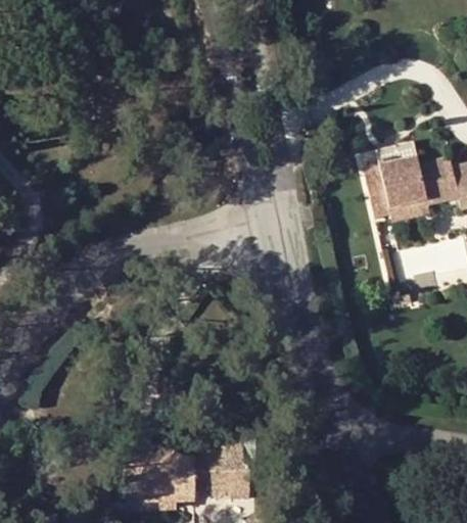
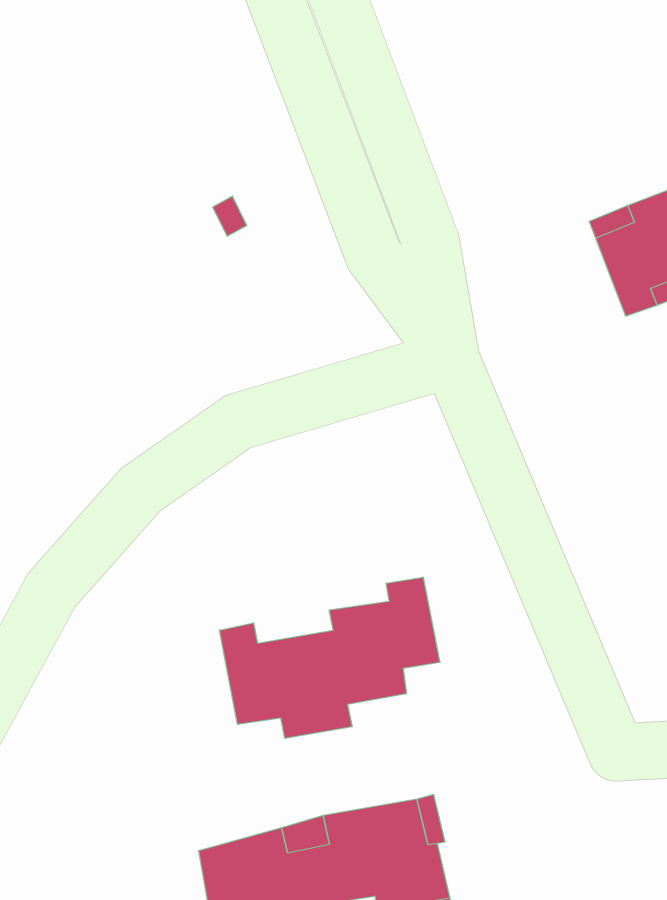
building: none -> [219,577,440,739]

